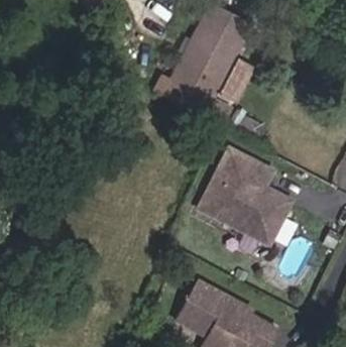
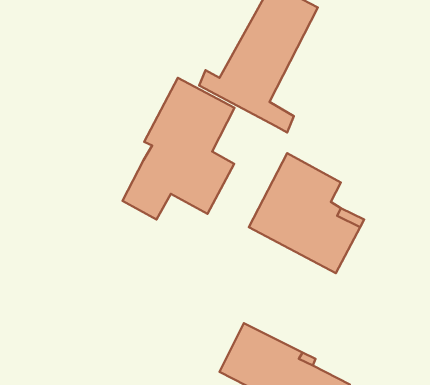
building: none -> [123,78,235,220]

